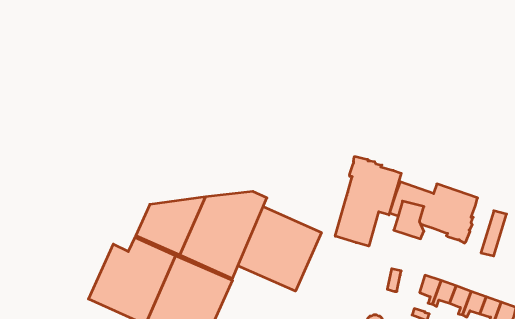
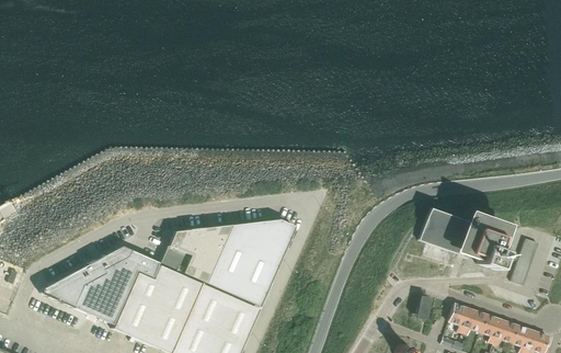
building: [335,157,401,246] -> none
building: [238,207,321,291] -> none
building: none -> [42,246,159,324]

